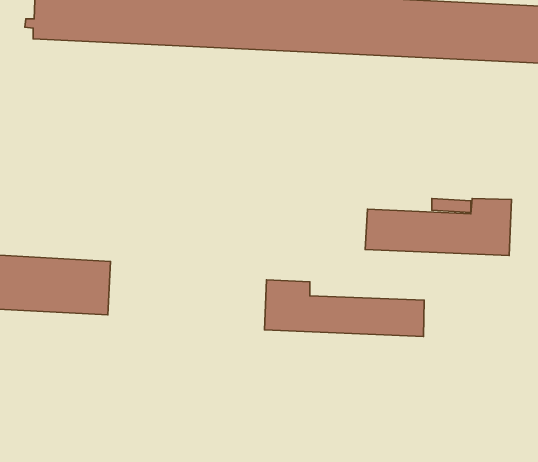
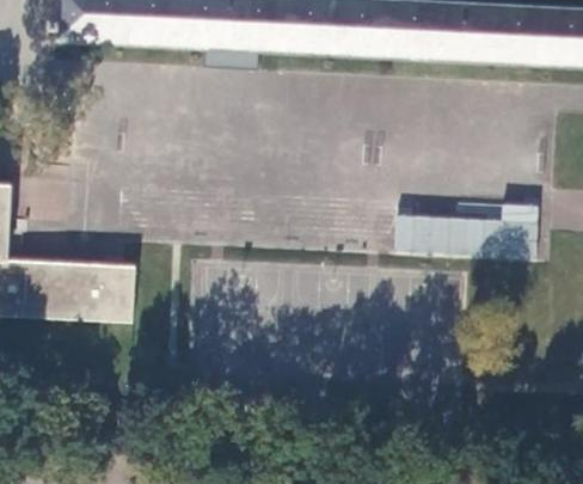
building: [264,280,424,336] -> none

